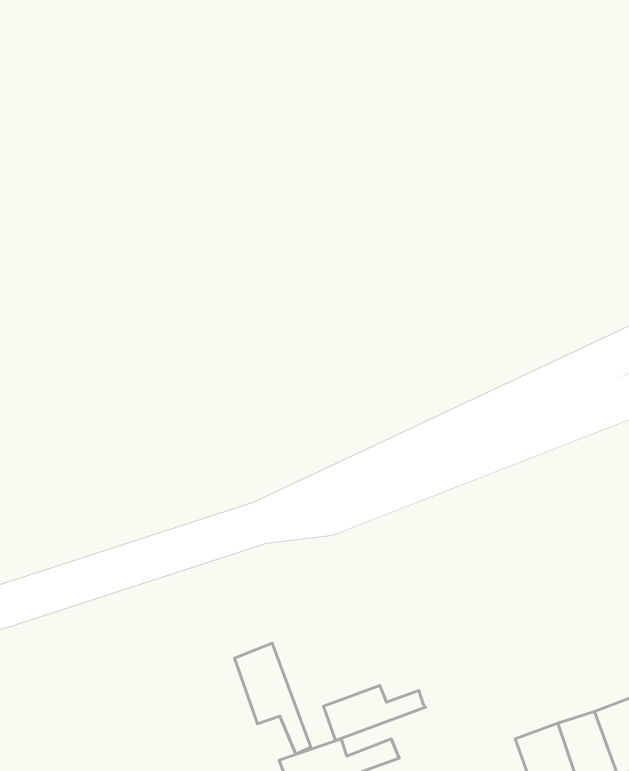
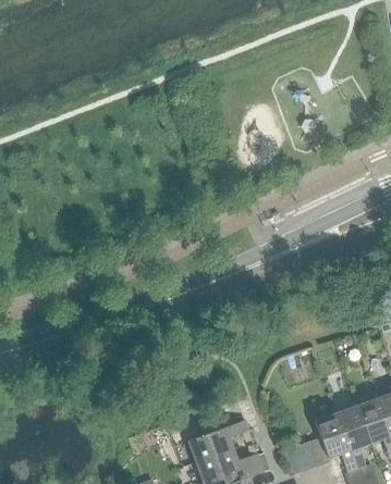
building: [235,643,311,754] -> none
building: [324,685,426,741] -> none

